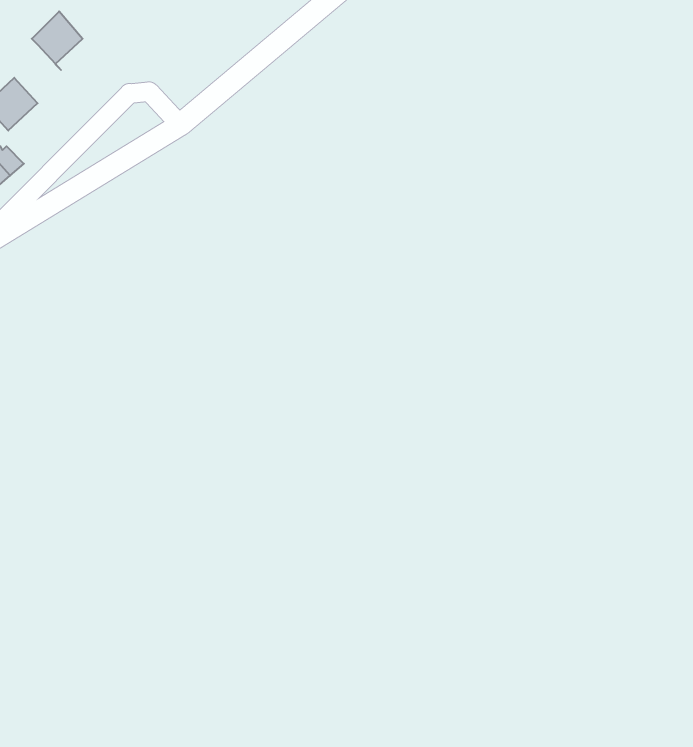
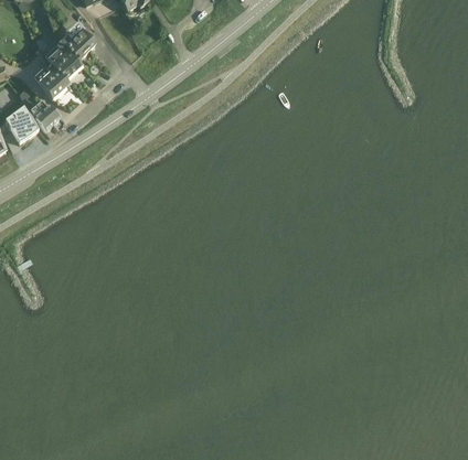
building: none -> [51,44,81,77]

